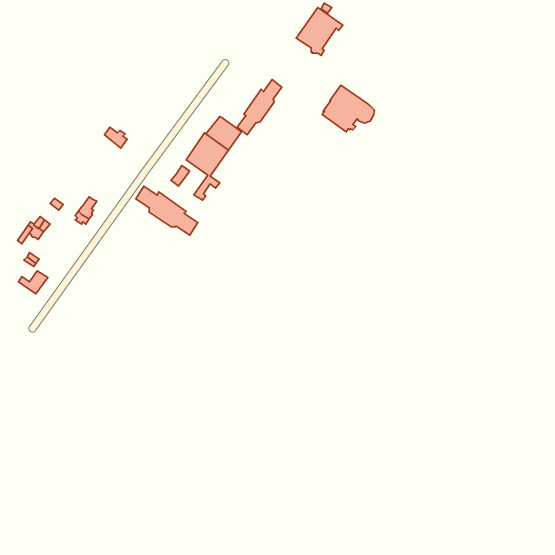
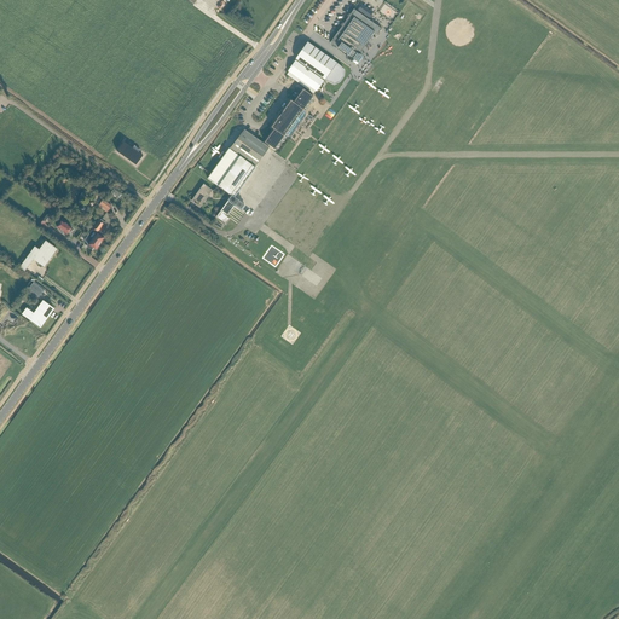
building: [322,85,374,132] -> [285,41,343,93]
building: [136,186,198,235] -> none

